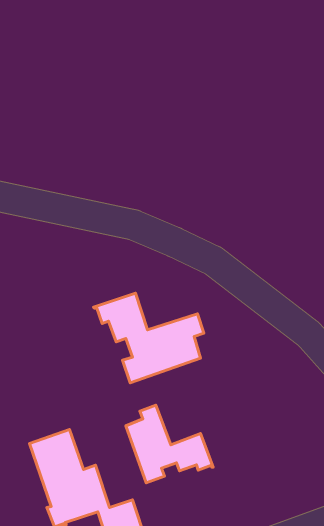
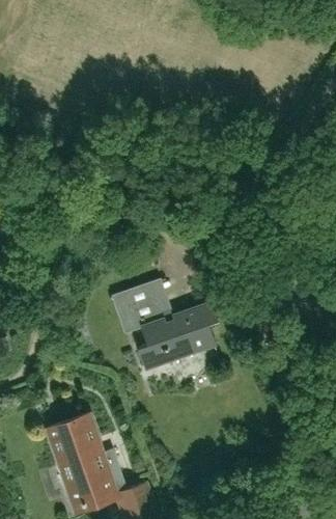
building: [126,405,213,483] -> none

